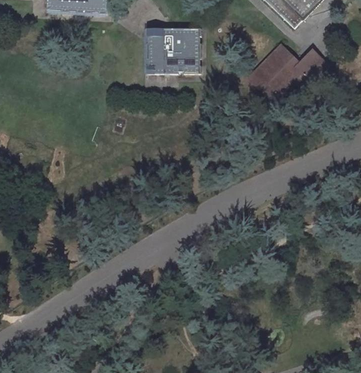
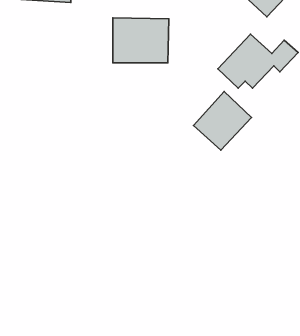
building: none -> [193,92,252,150]

